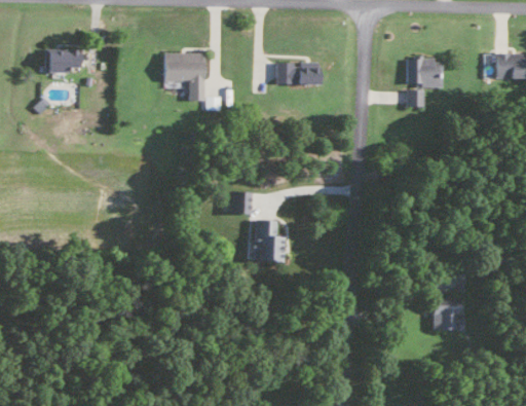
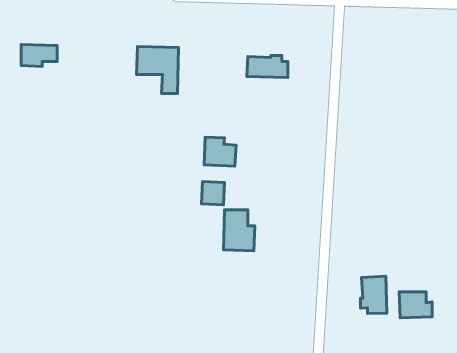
building: [407,59,444,107] -> none
building: none -> [204,137,236,166]
building: none -> [360,276,387,313]

